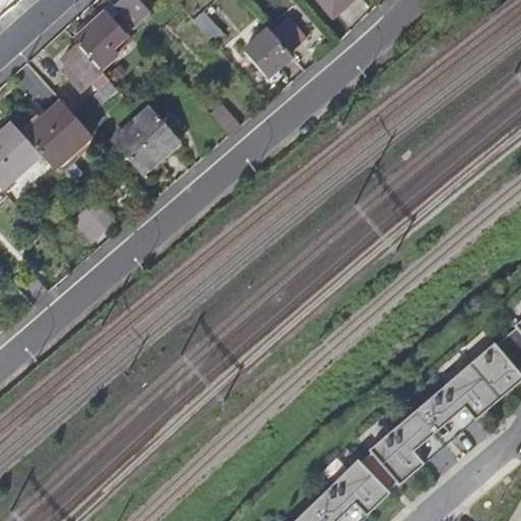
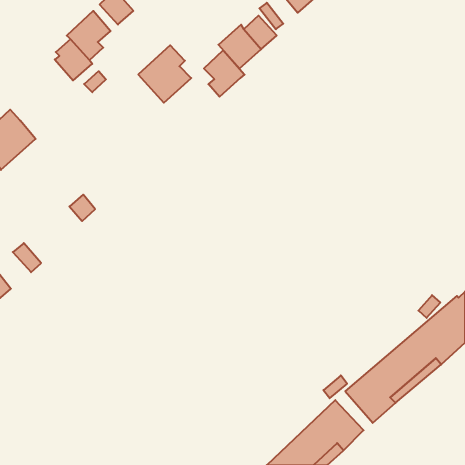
building: none -> [204,50,245,97]
building: [22,100,92,169] -> none
building: [113,108,172,172] -> [138,45,191,103]

